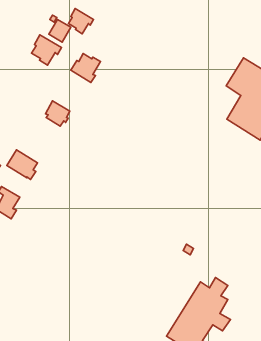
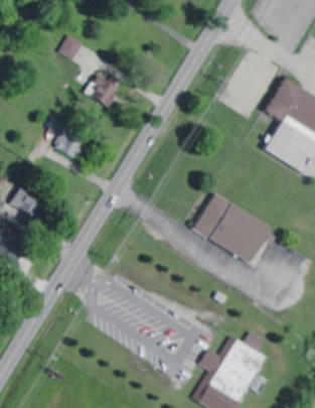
building: [68,9,94,34] -> none
building: [31,35,61,65] -> none
building: none -> [192,194,275,264]

